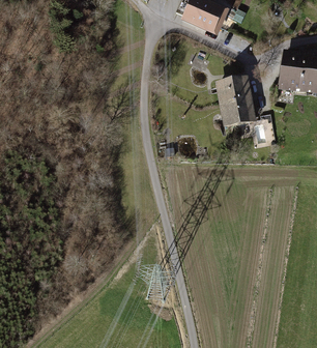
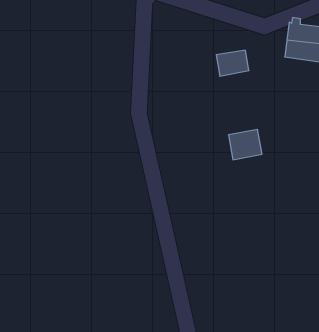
building: [223,99,254,127] -> [228,129,262,160]

